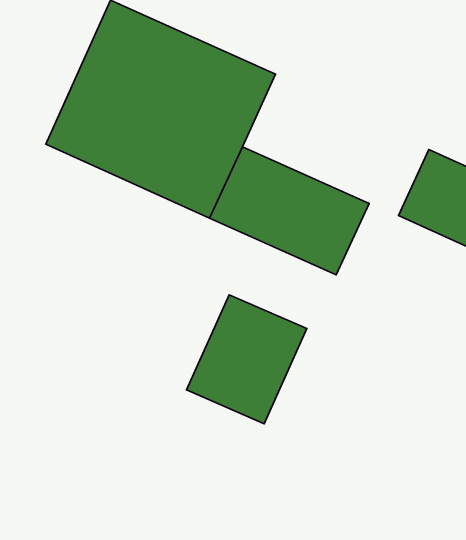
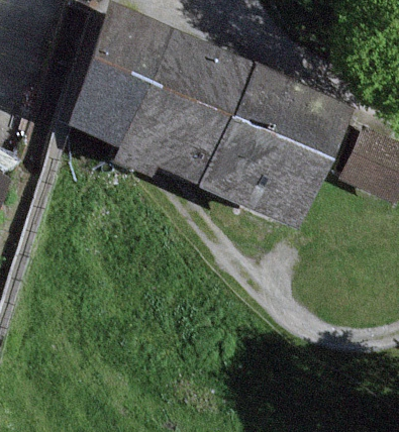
building: none -> [218,66,340,165]
building: [187,295,307,424] -> none

